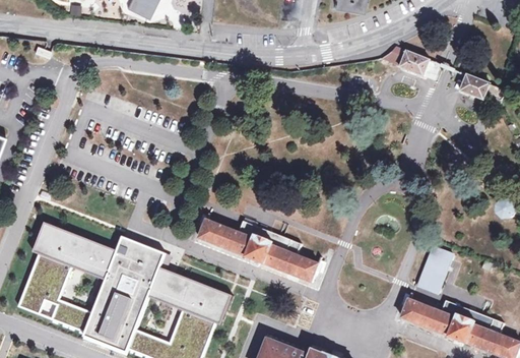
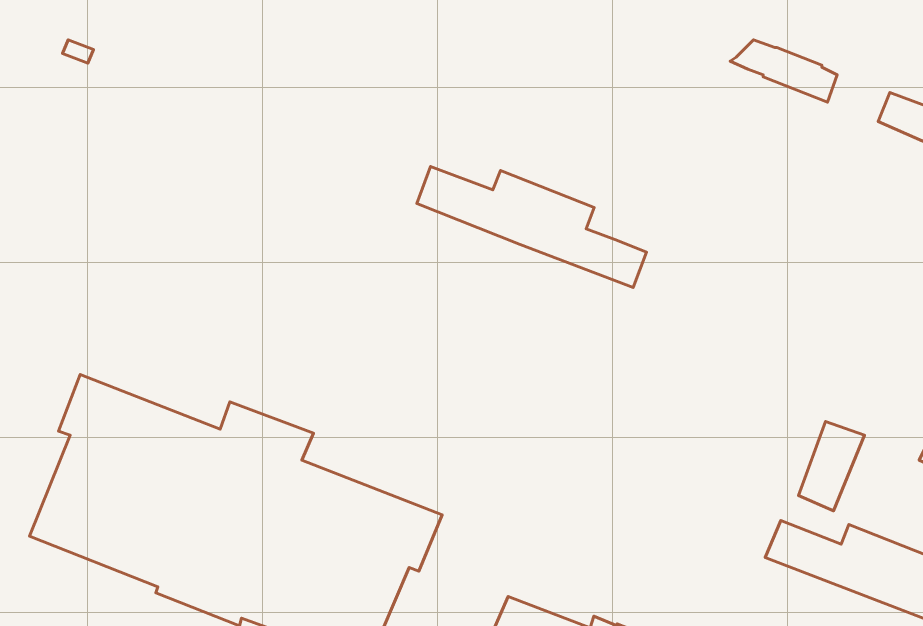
building: [200,220,320,283] -> [417,167,647,287]

